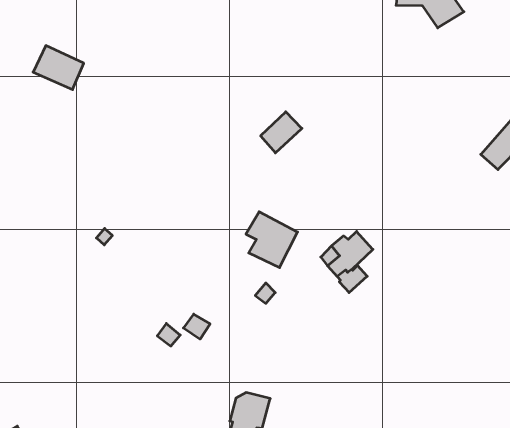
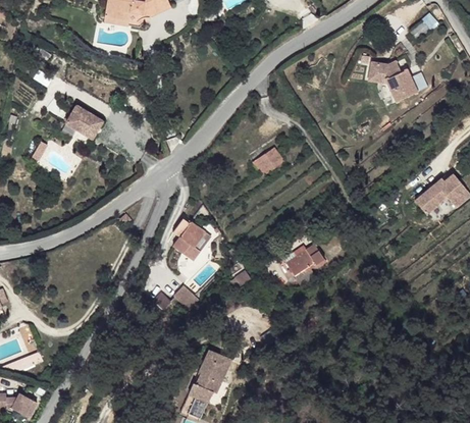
building: [33,46,84,90] -> [64,104,103,140]
building: [246,212,298,268] -> [171,216,210,260]

